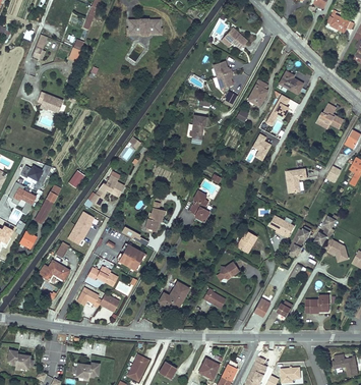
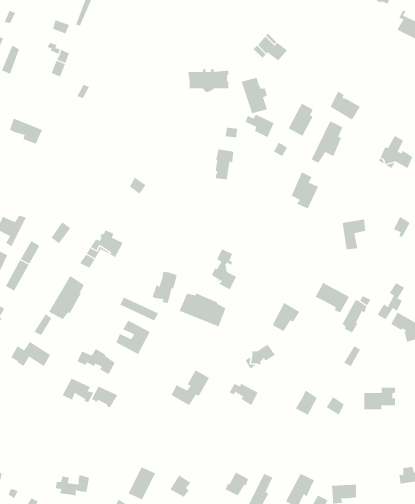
building: [128,18,160,37] -> [187,69,229,93]
building: none -> [179,293,226,327]

